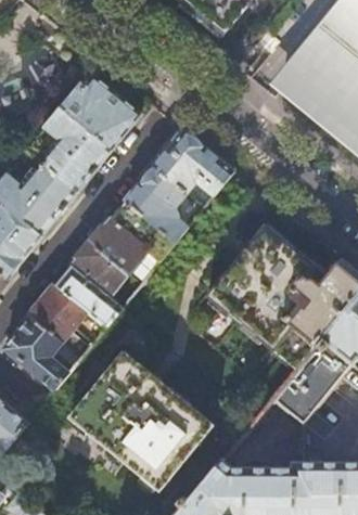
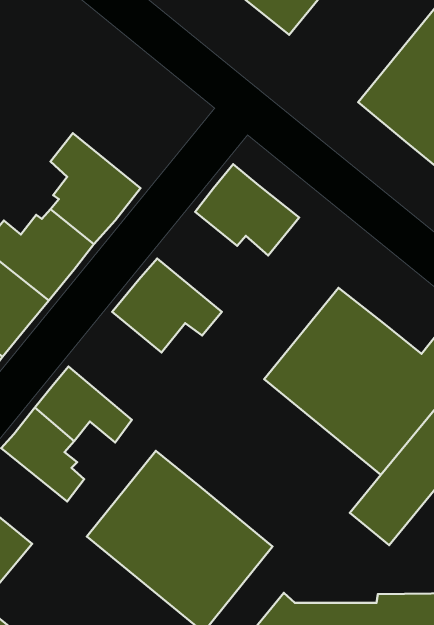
building: [59,76,139,149] -> none
building: [124,167,189,244] -> none
building: [55,244,127,327] -> none

